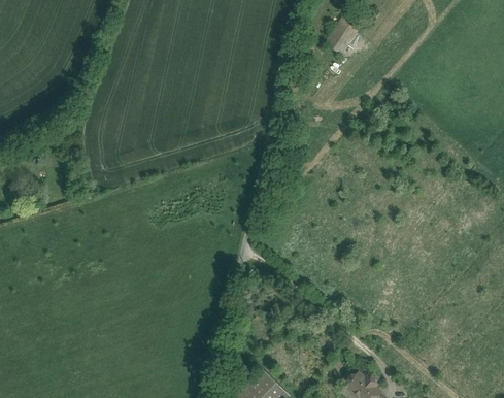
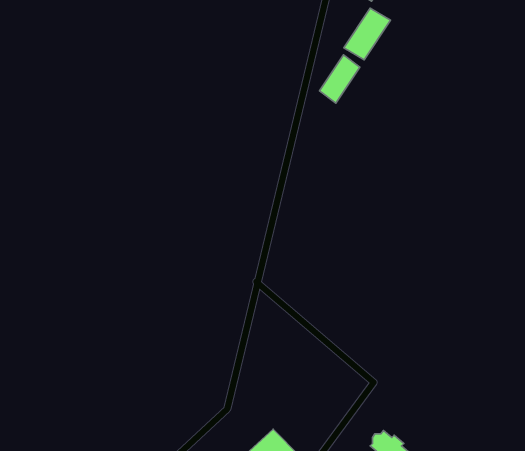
building: none -> [320,55,360,103]

